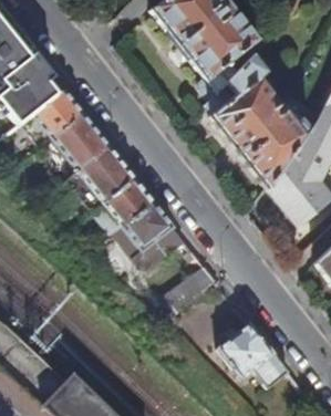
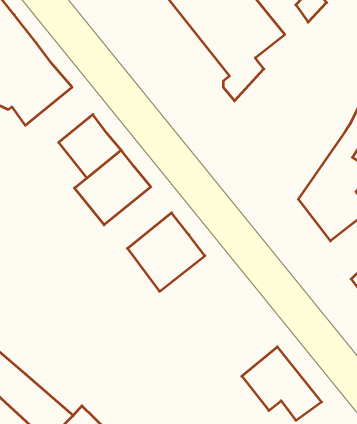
building: [208,58,311,189] -> none
building: [23,89,84,147] -> none
building: [95,178,155,235] -> none
building: [161,266,217,314] -> none

